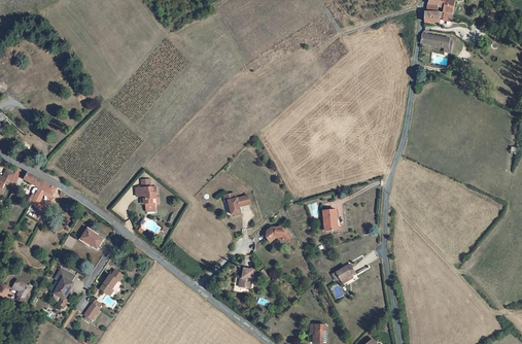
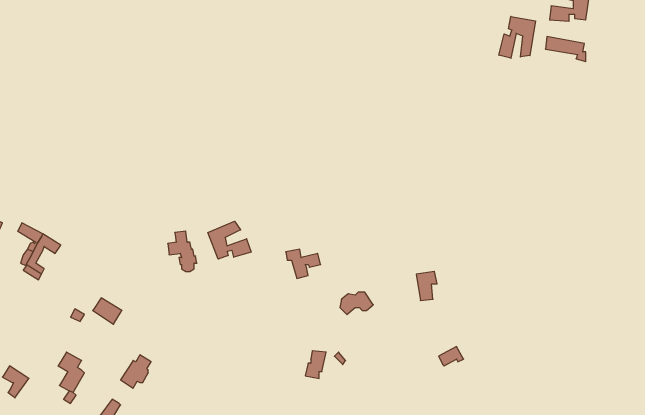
building: none -> [499,16,535,58]
building: none -> [208,221,251,259]

